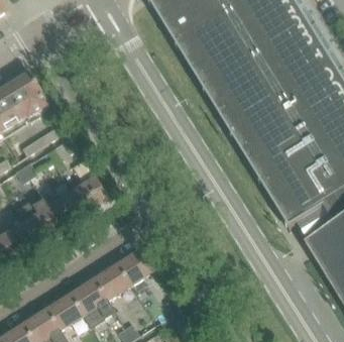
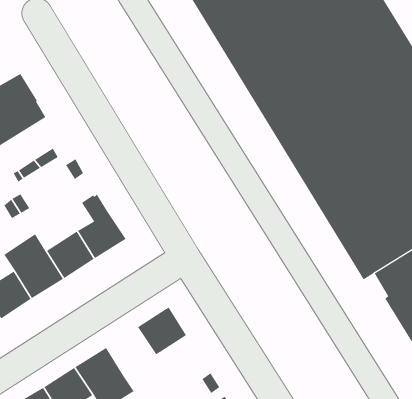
building: [95,262,132,299] -> none

